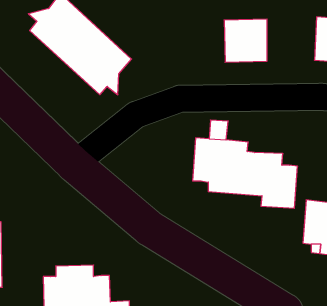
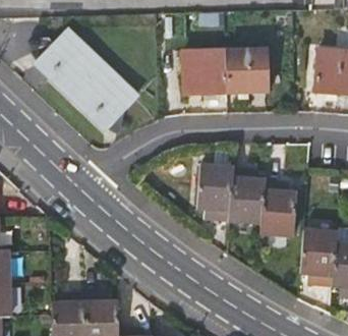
building: none -> [183,53,228,95]

